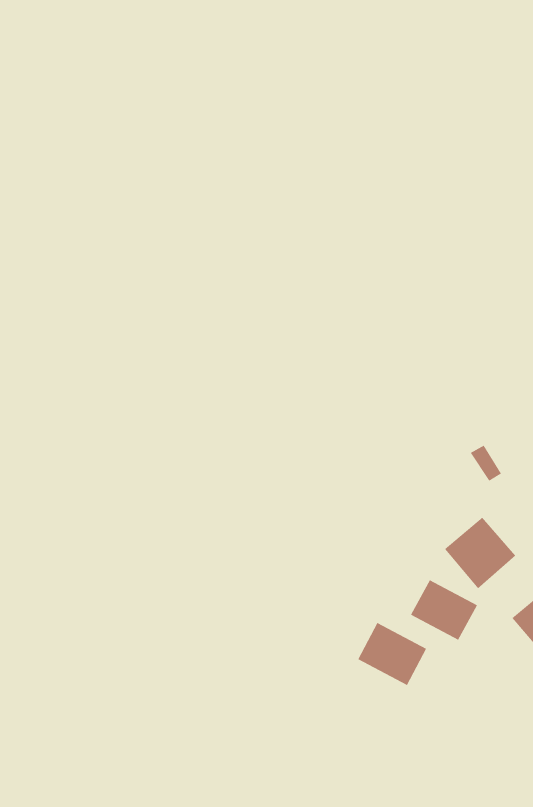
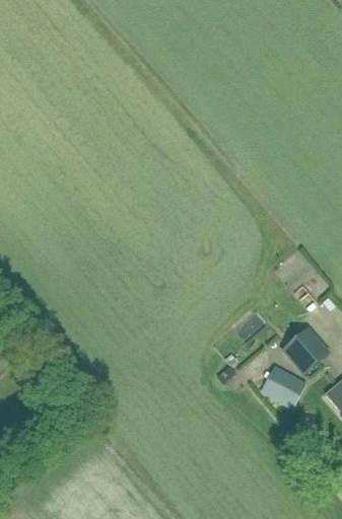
building: [357,622,427,686] -> none

